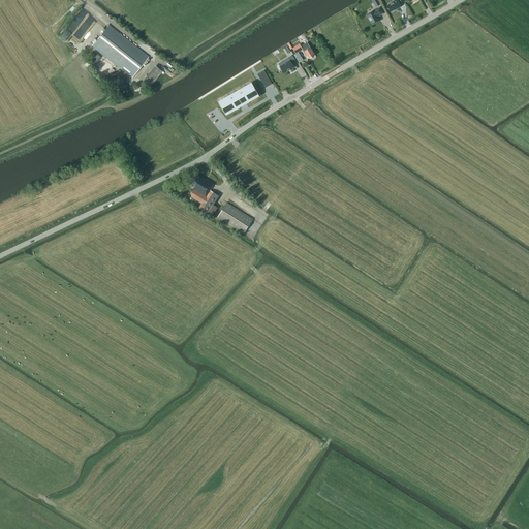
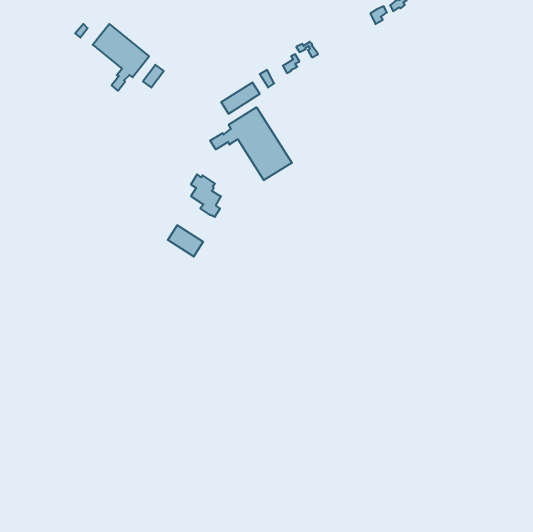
building: none -> [210,107,292,180]
building: [218,201,253,232] -> [168,225,203,257]

